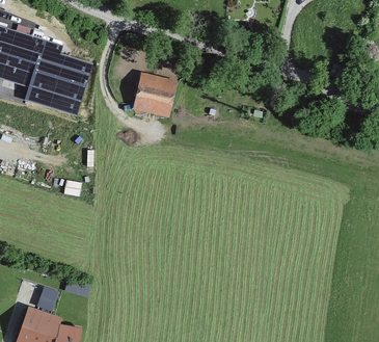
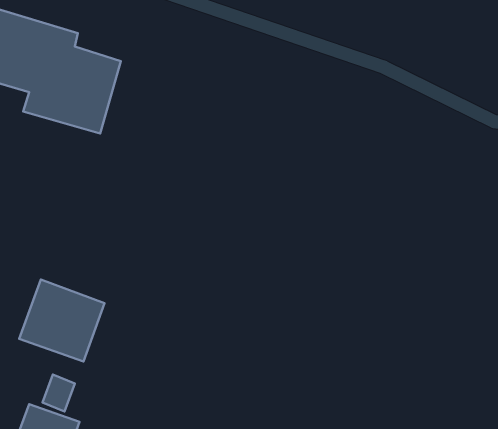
building: [132,73,177,117] -> none
building: none -> [19,279,104,361]

